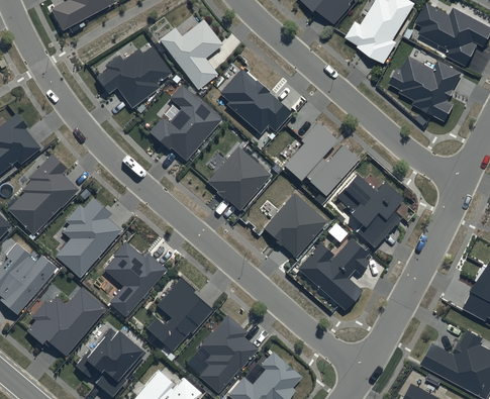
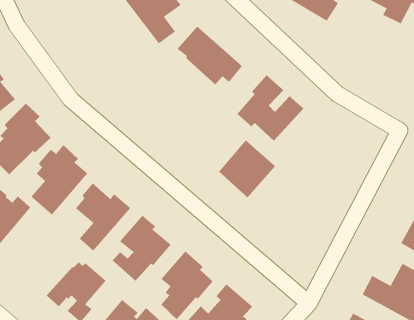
building: [97,46,171,106] -> none
building: [389,57,461,122] -> none
building: [150,85,221,160] -> none
building: [207,146,271,210] -> none
building: [344,174,403,246] -> none
building: [298,238,369,308] -> none
building: [28,289,105,356] -> none

